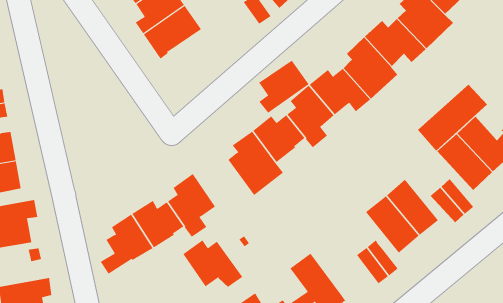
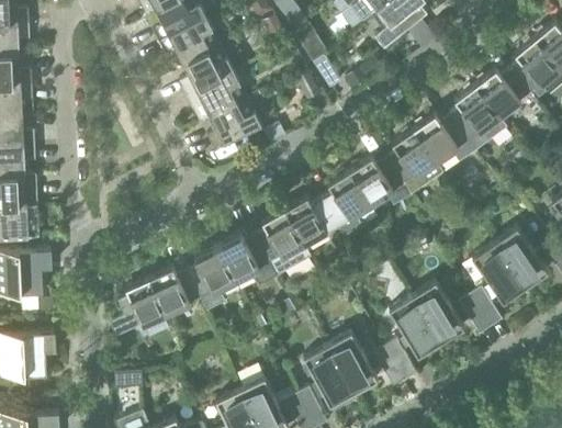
building: [258,60,310,113] -> [206,98,261,149]
building: [417,84,488,151] -> none
building: none -> [327,331,376,392]
building: [183,240,243,287] -> [217,233,277,285]

